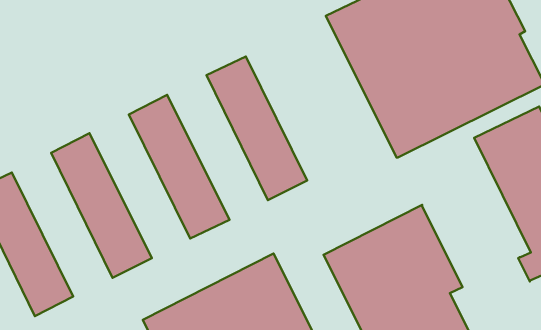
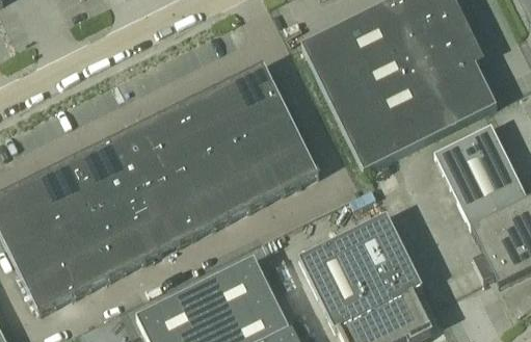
building: none -> [229,60,319,189]
building: none -> [158,95,248,225]
building: none -> [88,130,179,259]
building: none -> [19,164,109,293]

